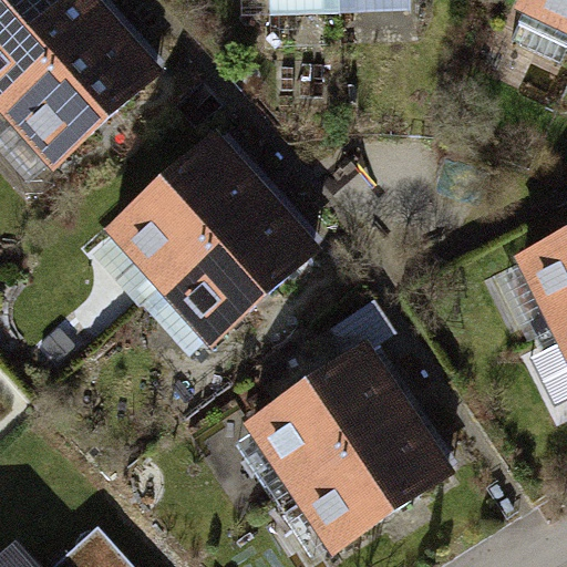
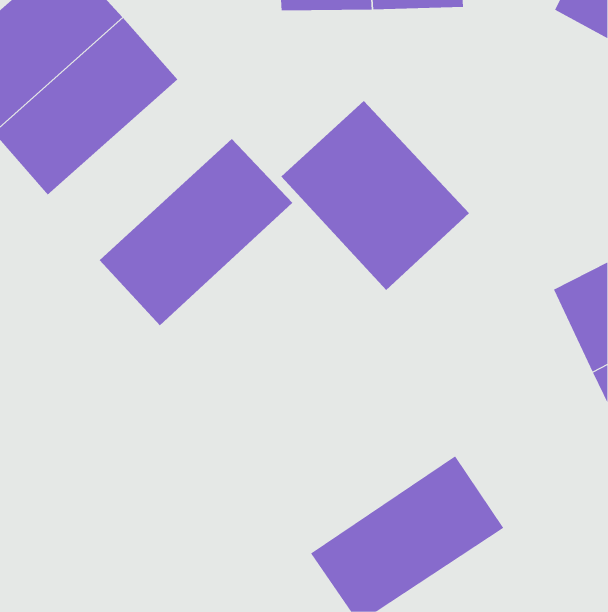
building: none -> [280,100,470,291]
building: [145,184,318,352] -> none
building: [236,347,413,502] -> none

